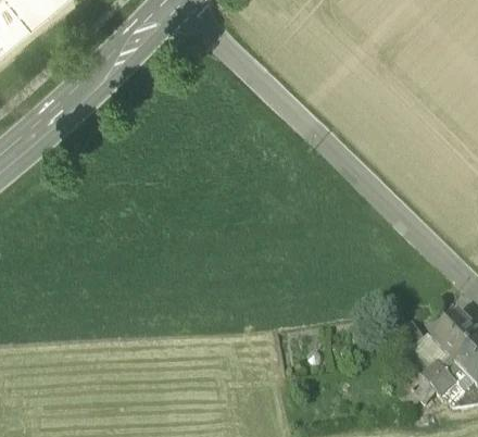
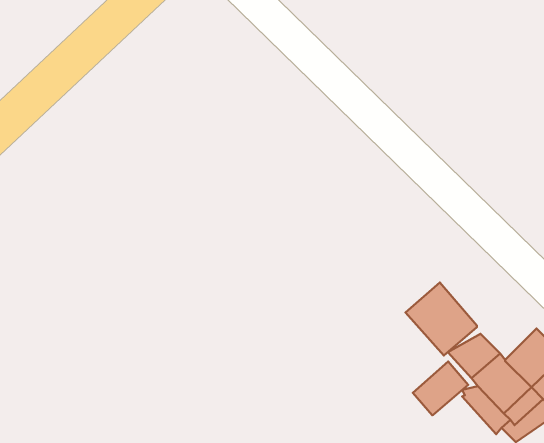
building: none -> [405,283,477,355]
building: none -> [413,362,468,415]

